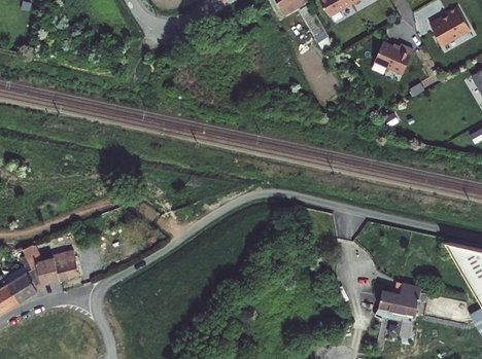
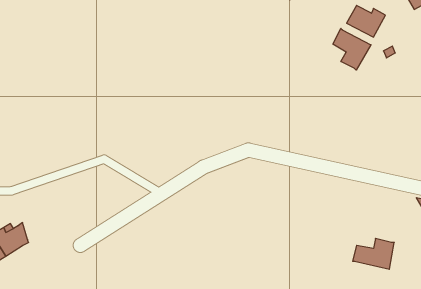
building: none -> [333,28,371,70]
building: [22,246,78,284] -> none

